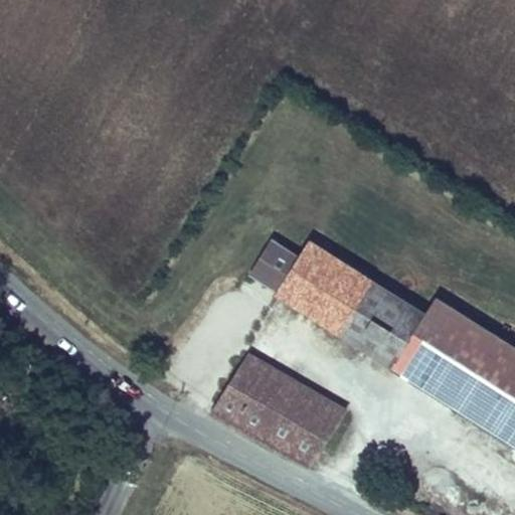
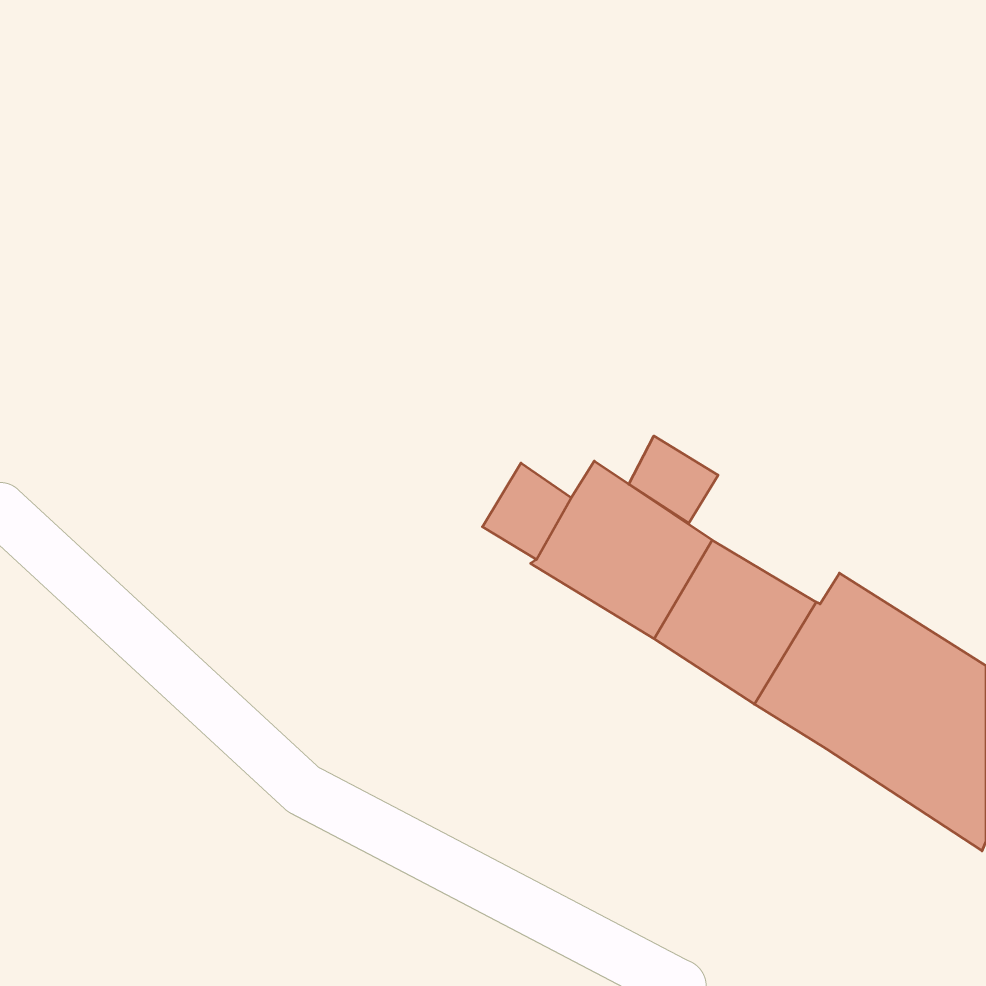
building: none -> [629,436,718,523]
building: [212,352,343,468] -> none

